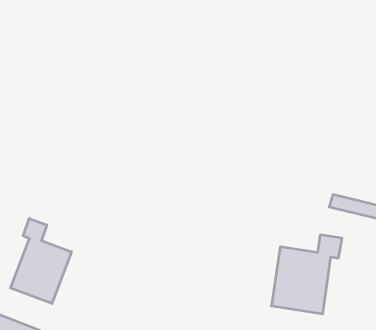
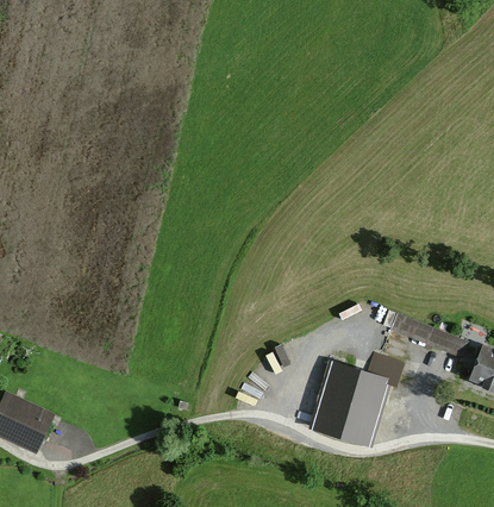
building: [10,218,71,304] -> none

